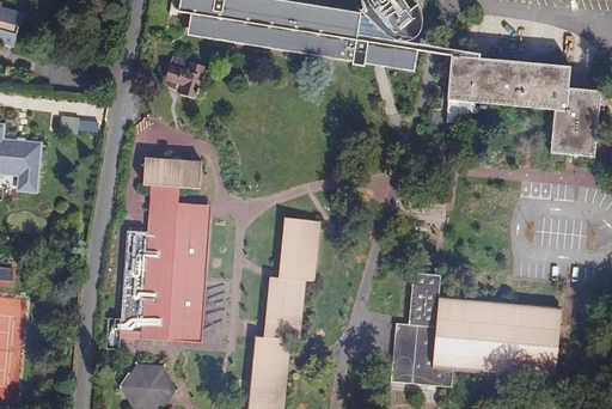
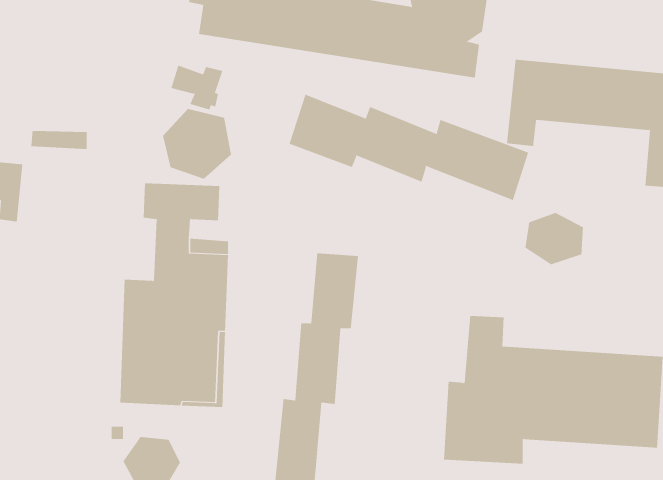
building: none -> [289,94,529,201]
building: none -> [163,108,232,179]
building: none -> [525,212,583,265]

